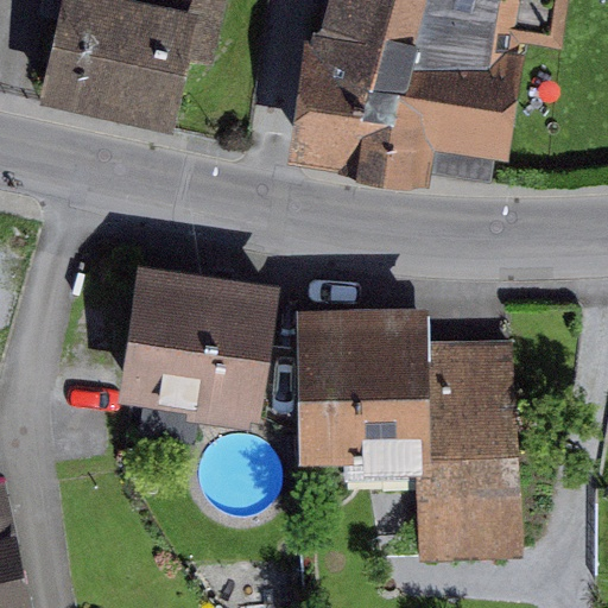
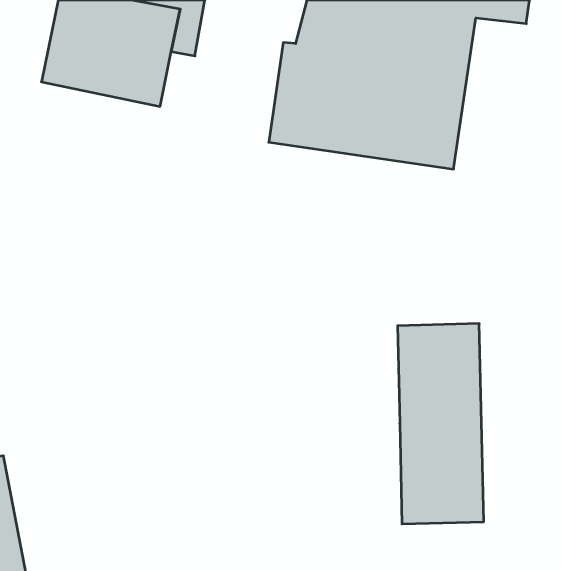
building: [125,270,266,418] -> none
building: [308,310,424,452] -> none

